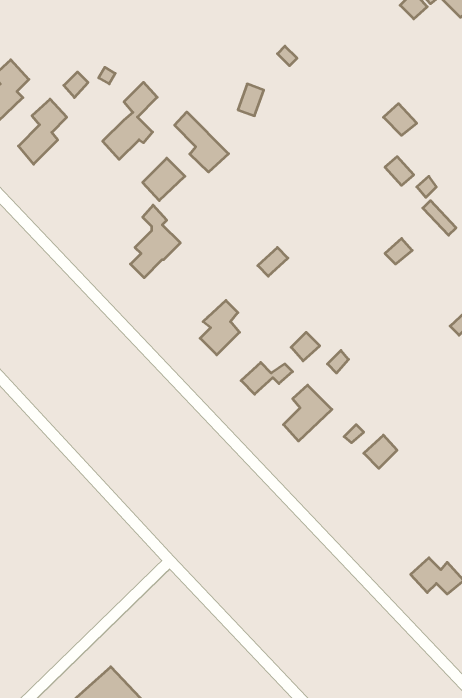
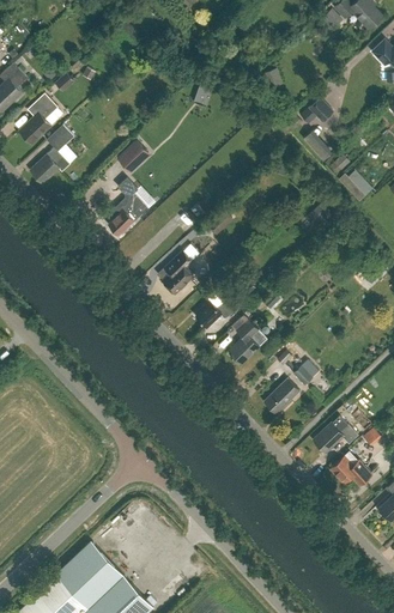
building: [103,82,157,159] -> [30,123,73,184]
building: [175,112,229,172] -> none
building: none -> [263,378,299,414]
building: none -> [313,414,358,453]

